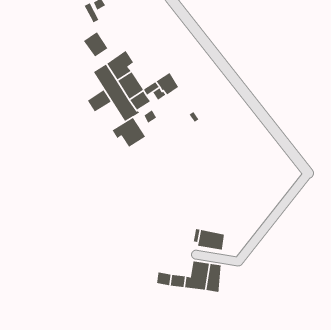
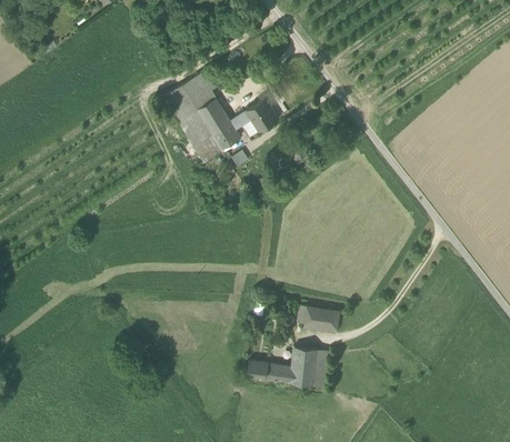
building: [83,32,108,58] -> none
building: [87,89,111,113] -> none
building: [112,117,146,148] -> none

